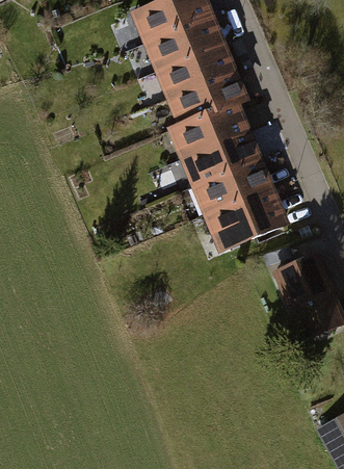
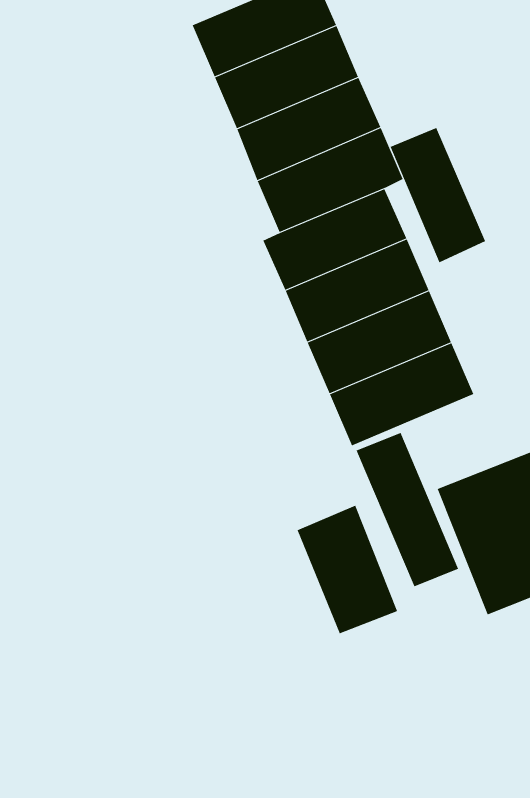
building: none -> [390,127,486,263]
building: none -> [356,432,459,587]
building: none -> [297,505,398,634]

